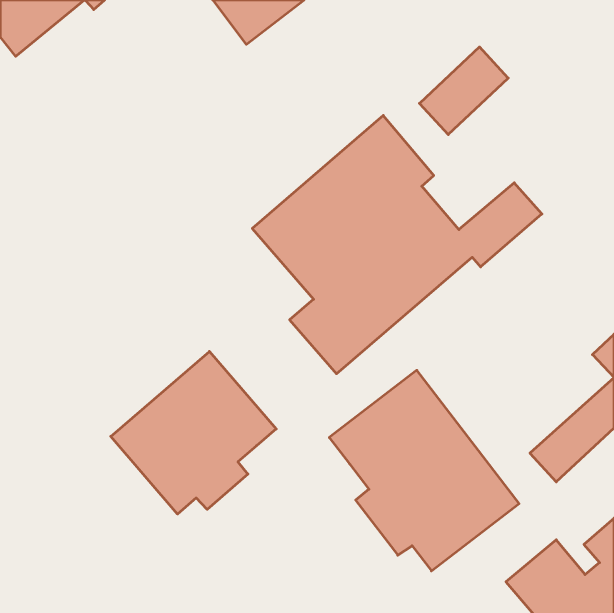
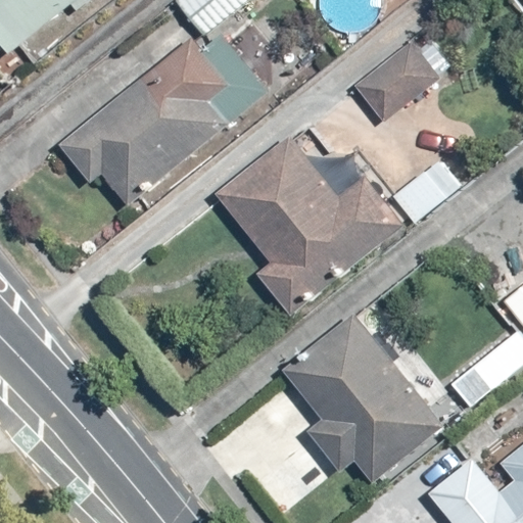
building: none -> [61,37,237,205]
building: [111,351,276,514] -> none

